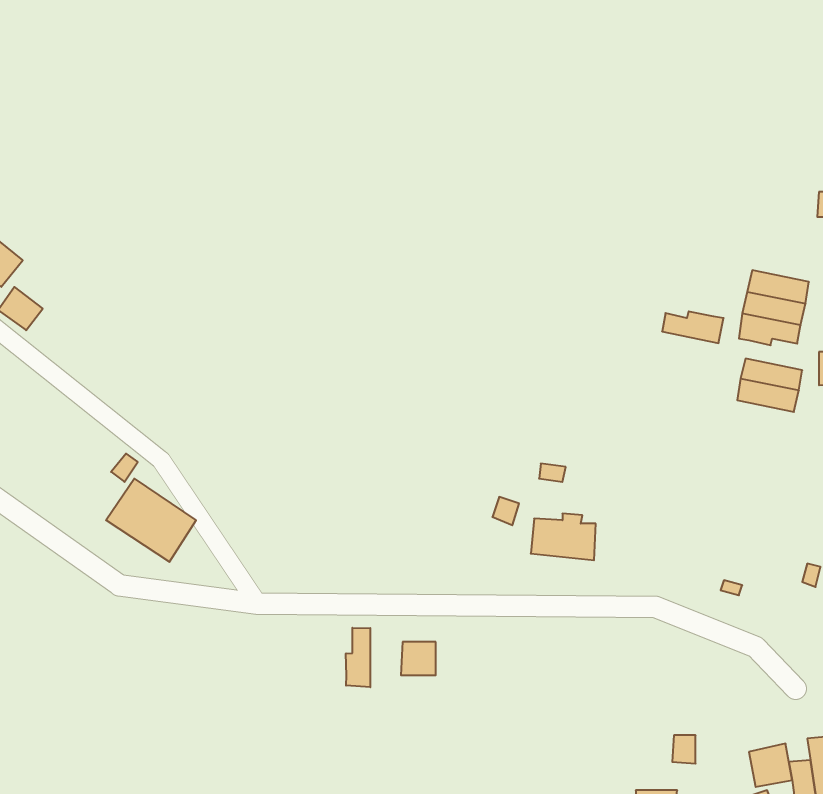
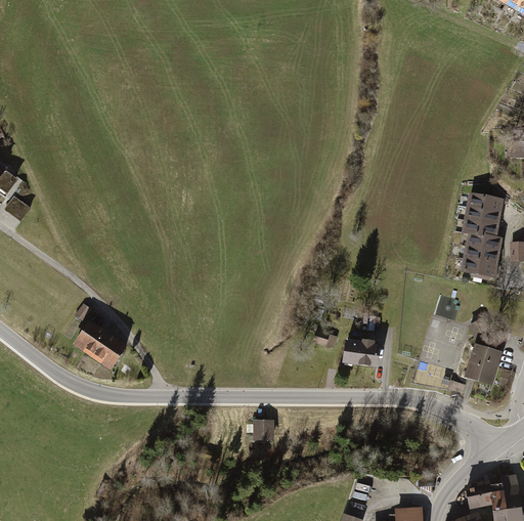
building: [662,311,724,343] -> [466,232,504,252]
building: none -> [468,319,501,384]
building: [346,628,370,687] -> none

